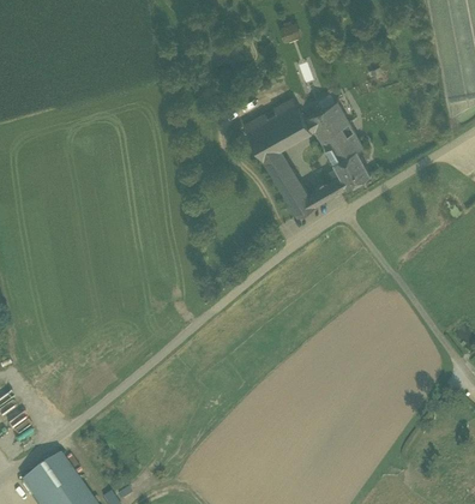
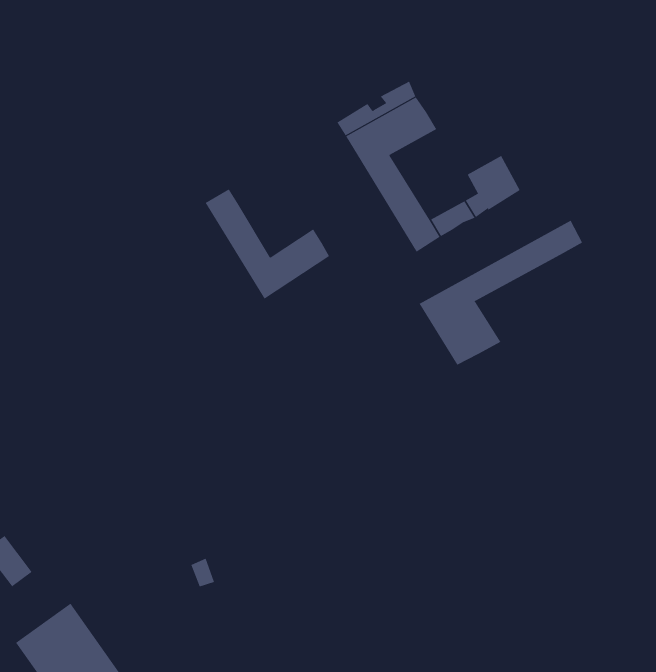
building: [305,90,362,156] -> none
building: none -> [205,188,330,299]
building: none -> [419,220,583,366]

